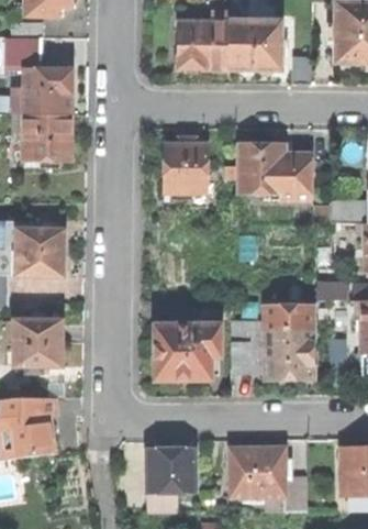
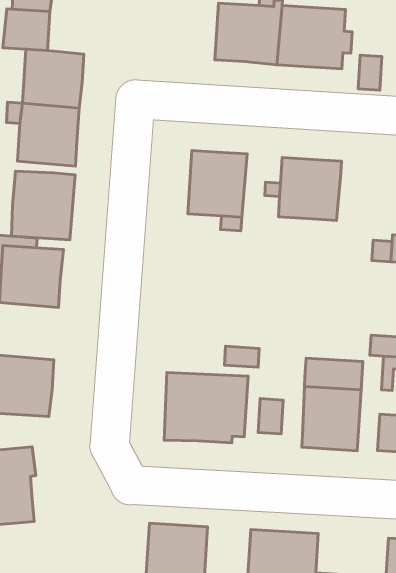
building: [265,153,312,199] -> none
building: none -> [11,171,75,240]
building: [232,320,268,367] -> none

